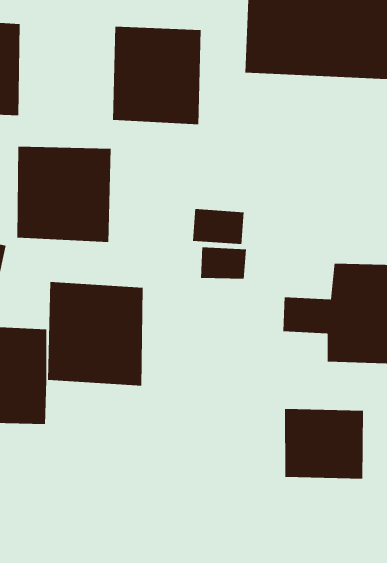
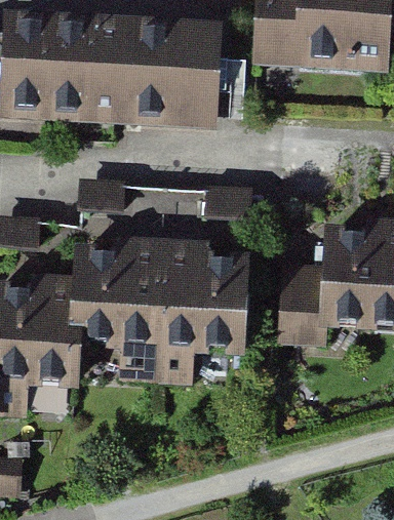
building: [16,146,112,242] -> [54,24,139,109]
building: none -> [163,256,247,350]
building: [285,408,363,480] -> none

